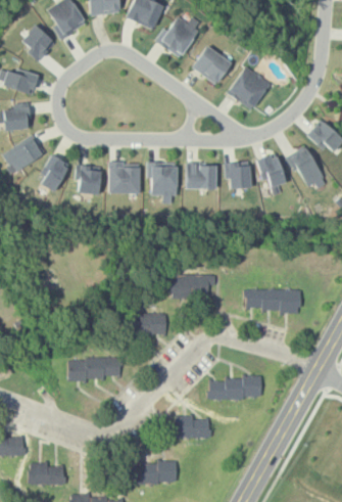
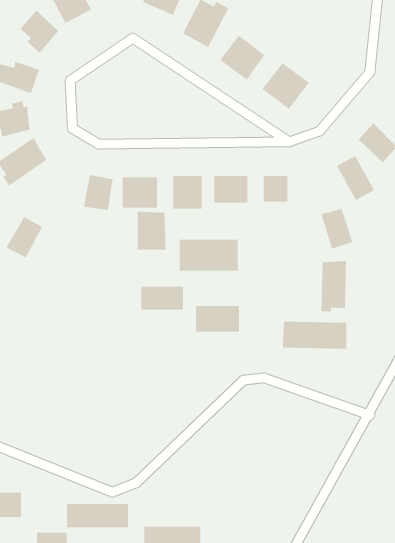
building: [258,153,286,188] -> [321,208,353,249]
building: [38,154,69,190] -> [6,216,43,258]
building: none -> [137,211,166,250]
building: none -> [179,239,238,271]
building: none -> [321,260,346,312]
building: [130,314,166,334] -> [141,286,184,310]
building: [68,358,121,378] -> [66,504,129,528]
building: [208,377,261,399] -> none
building: [175,416,209,437] -> none

